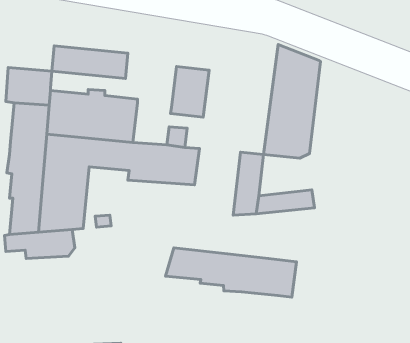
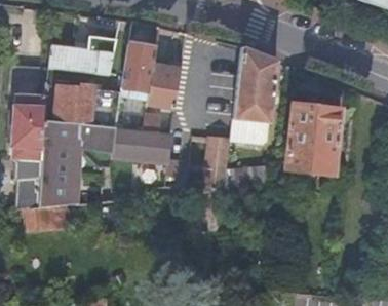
building: none -> [122,41,157,99]
building: none -> [286,102,341,173]
building: [166,248,297,297] -> none

